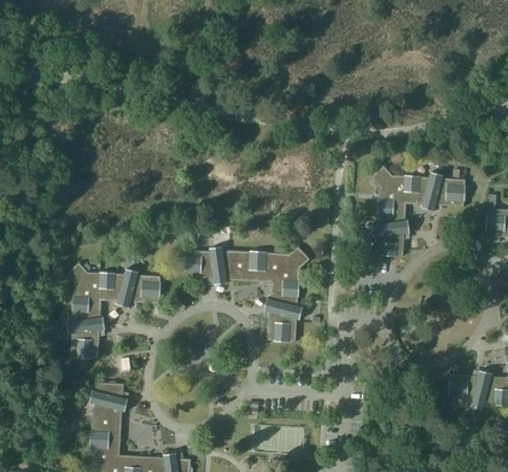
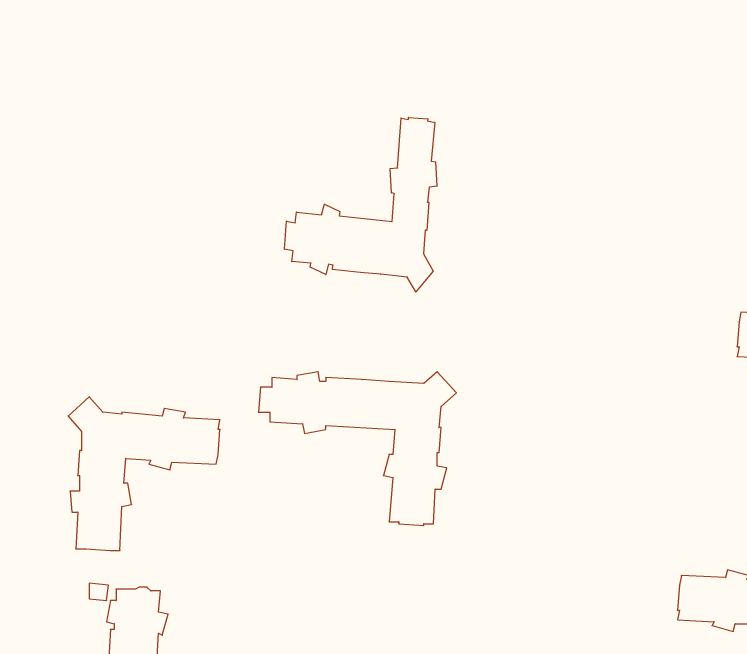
building: none -> [284,117,437,292]
building: [370,165,465,257] -> none

